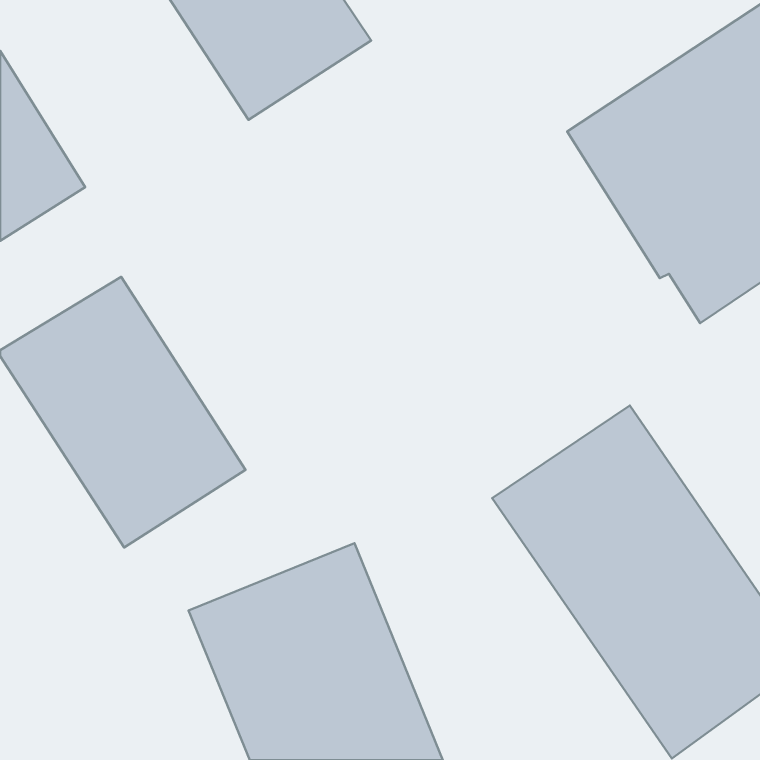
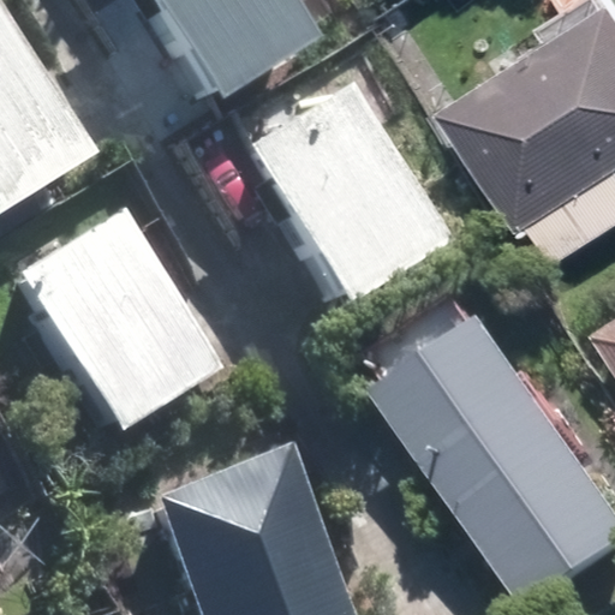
building: none -> [231,94,430,312]

